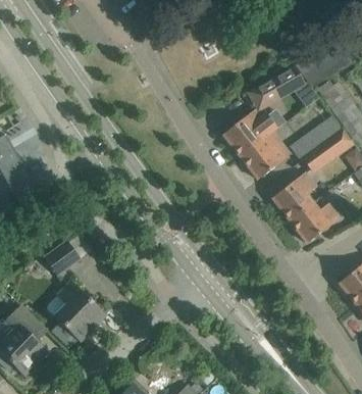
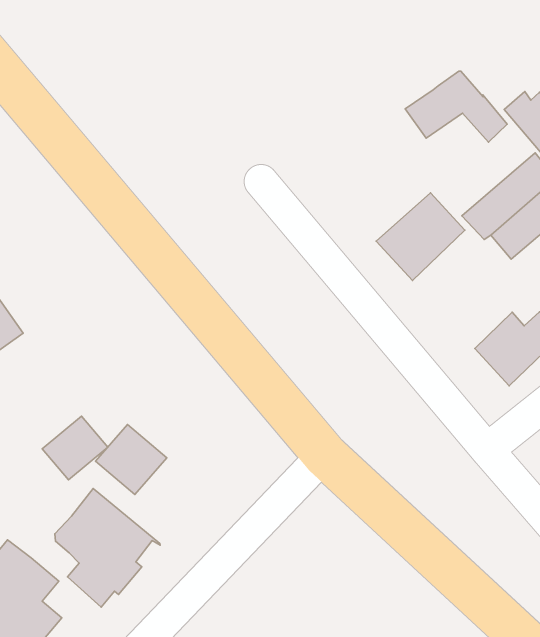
building: [222,109,277,156] -> none
building: [271,173,315,220] -> none
building: none -> [96,424,167,495]

